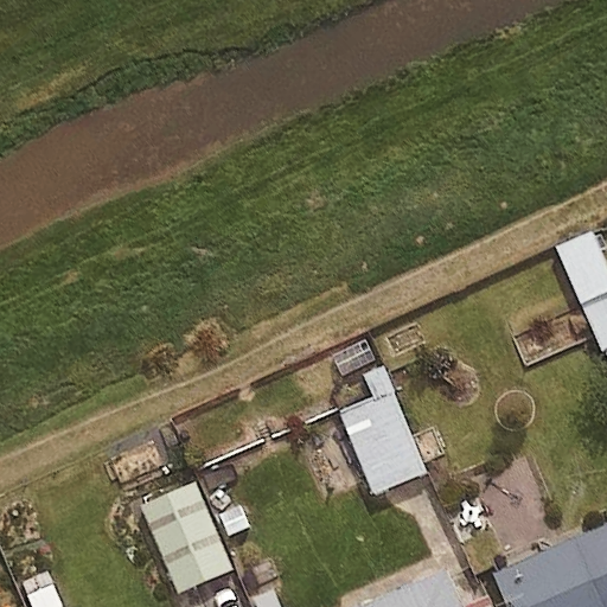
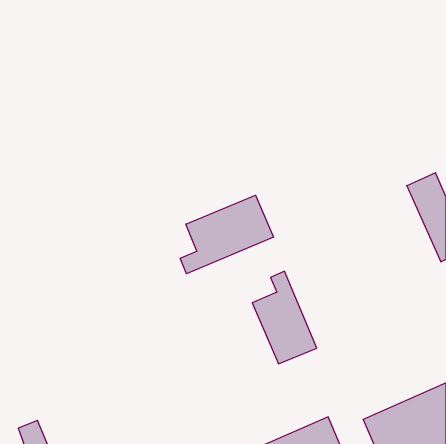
building: none -> [180,195,274,274]
building: [145,486,236,596] -> none

